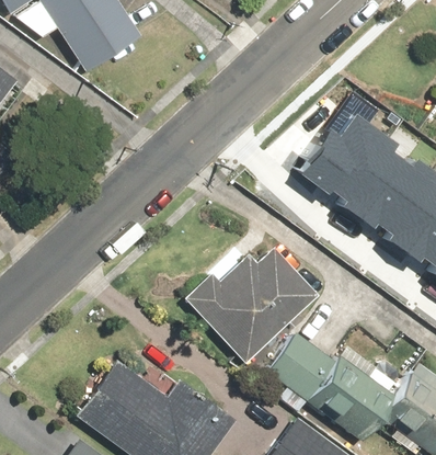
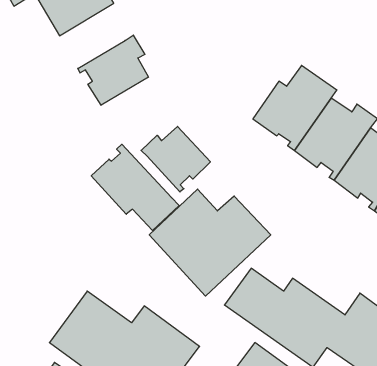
building: none -> [78,35,148,105]
building: none -> [141,126,210,192]
building: none -> [91,144,179,230]

